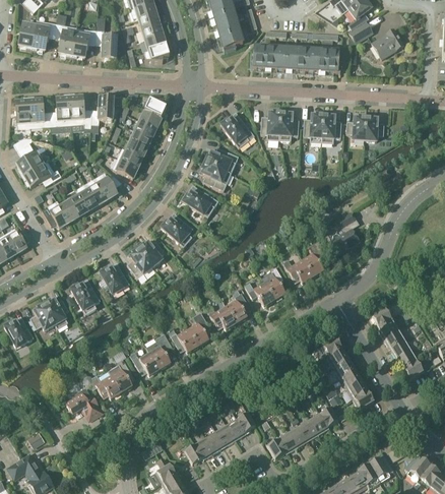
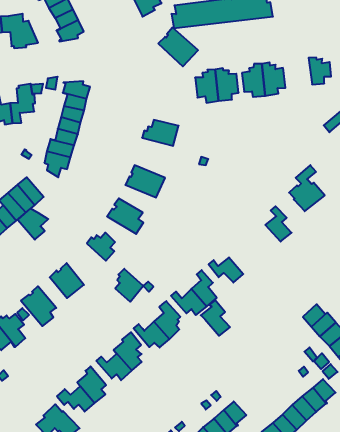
building: [220,112,255,148] -> [158,28,198,66]
building: [345,116,366,140] -> none
building: [201,162,231,191] -> none
building: [94,171,122,199] -> [18,209,48,240]
building: [127,248,152,279] -> [115,269,143,302]
building: [282,259,312,284] -> none
building: [260,267,284,300] -> [201,300,230,336]

